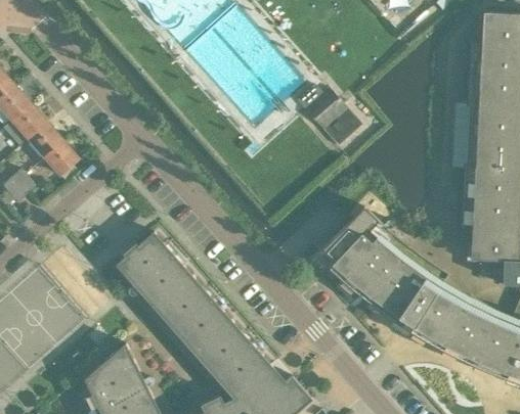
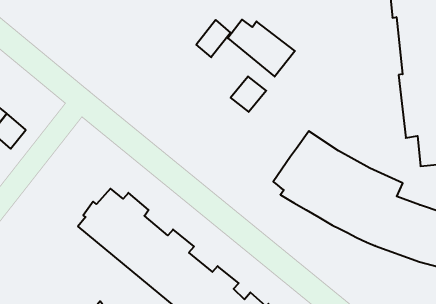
building: none -> [196,20,230,57]
building: none -> [231,76,266,112]

